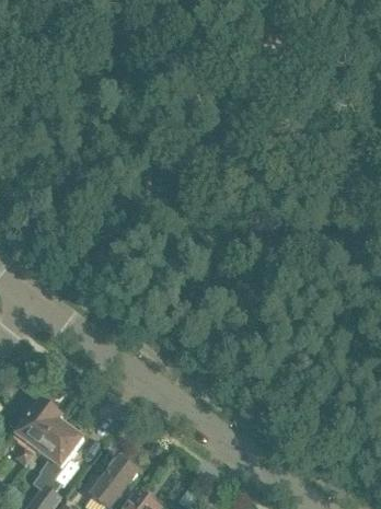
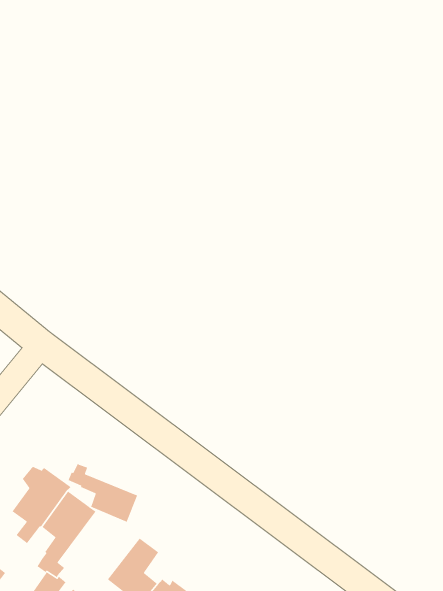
building: none -> [68,463,138,523]

